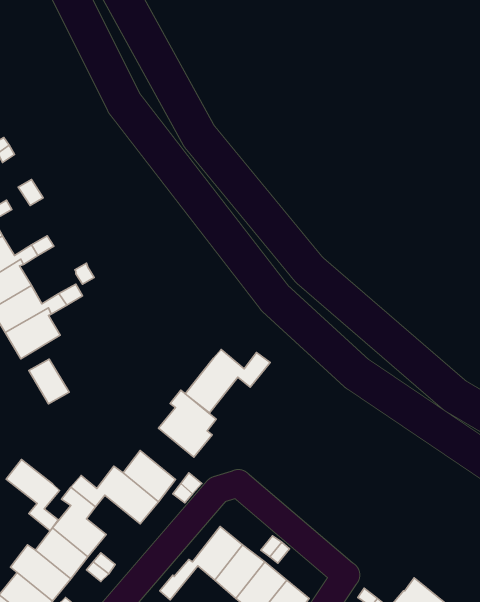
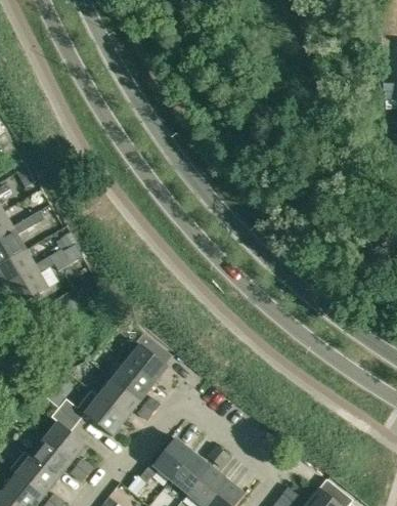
building: [185,350,270,413] -> none
building: [29,359,69,404] -> none
building: none -> [112,361,153,400]
building: [6,459,60,531] -> none

